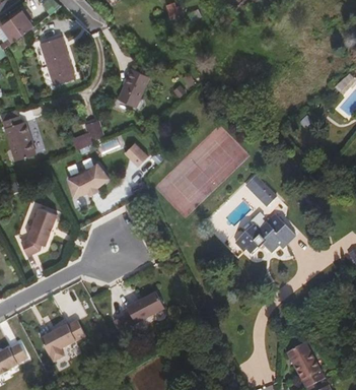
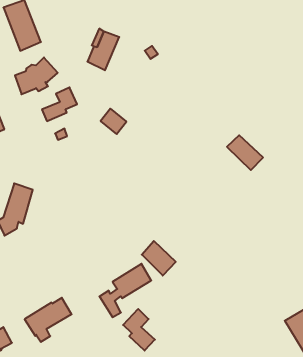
building: [72,162,113,196] -> [15,57,58,94]
building: [231,214,294,255] -> none
building: none -> [142,241,176,276]
building: none -> [123,309,155,351]

